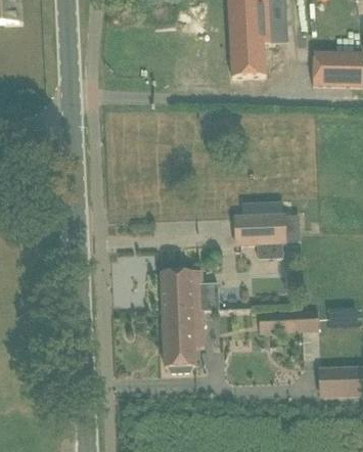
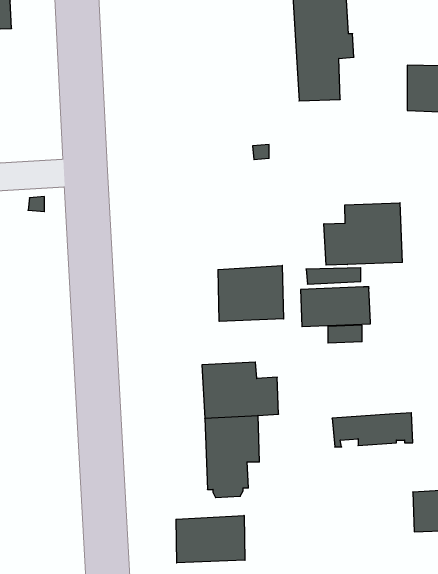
building: none -> [324,203,402,265]
building: none -> [218,265,284,321]
building: none -> [176,515,245,563]

